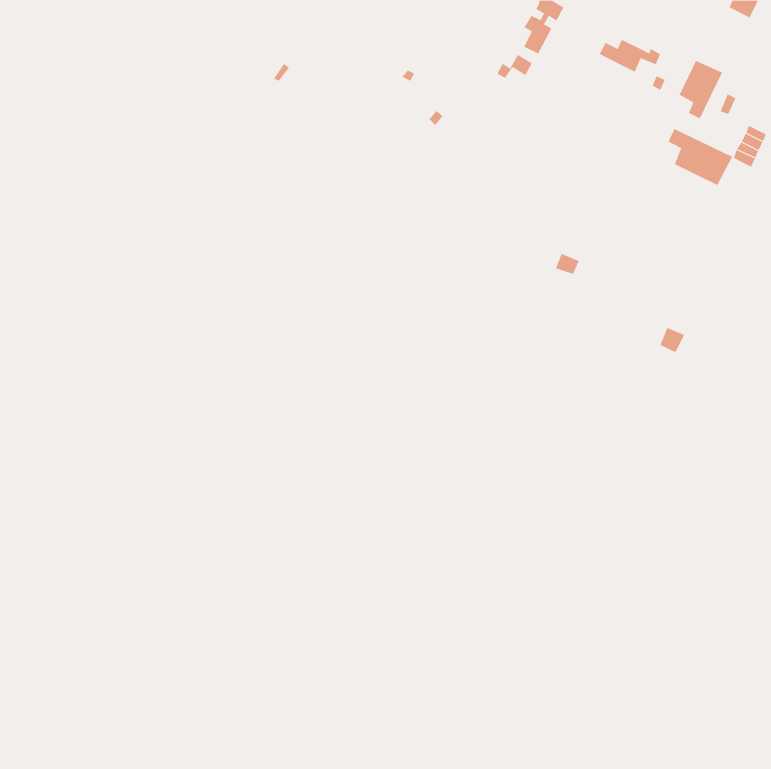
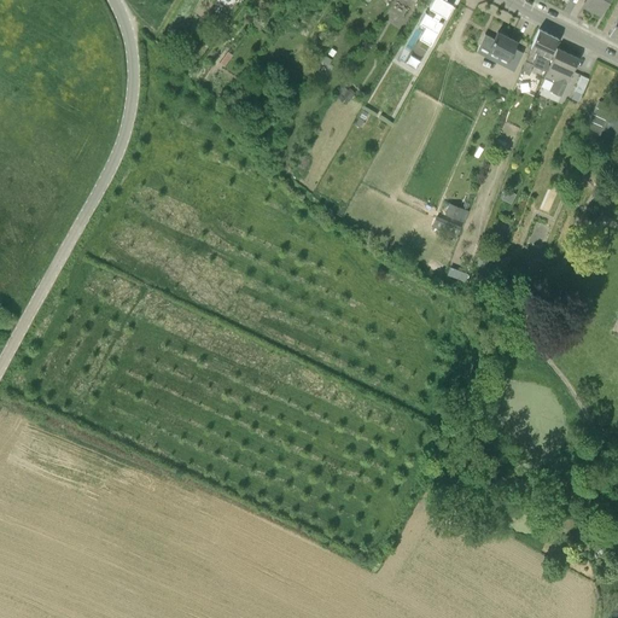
building: none -> [529,30,558,65]
building: [668,128,733,186] -> none

